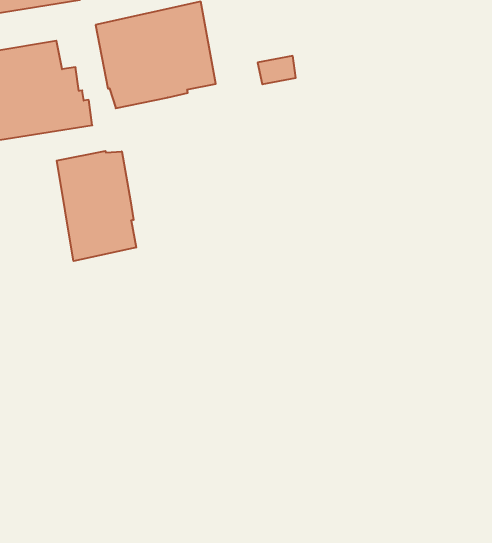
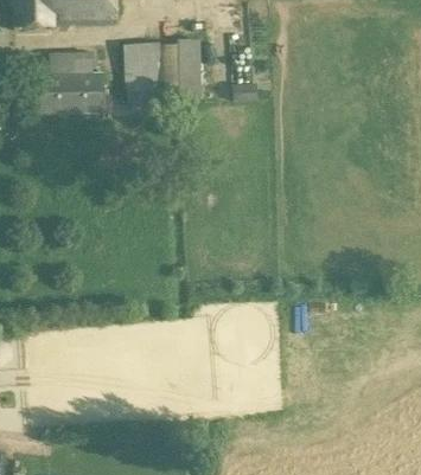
building: [57,151,136,261] -> none

